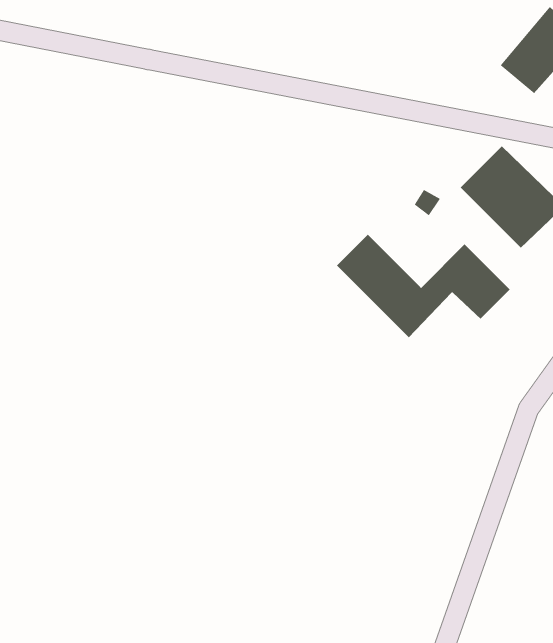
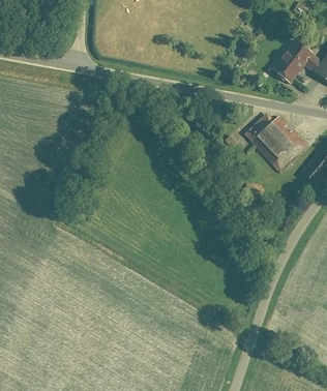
building: [336,234,511,338] -> none

